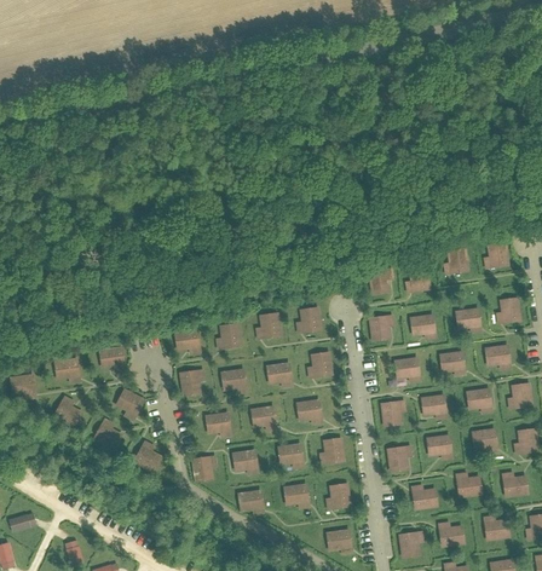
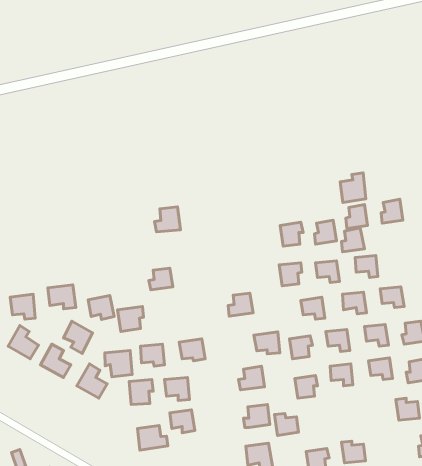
building: none -> [340,173,366,202]
building: [497,299,524,327] -> [342,228,364,252]
building: [296,305,327,334] -> none
building: [255,310,286,339] -> [154,207,181,232]
building: [174,327,204,354] -> [88,296,114,320]
building: [266,362,298,390] -> none
building: [221,369,252,394] -> none
building: [296,399,327,425] -> [254,332,280,354]
building: none -> [105,351,132,377]
building: [279,443,309,471] -> none
building: [456,474,484,500] -> none
building: [284,481,316,511] -> none
building: [410,488,438,513] -> [274,414,298,435]
building: none -> [138,426,168,450]
building: [484,519,512,544] -> none

